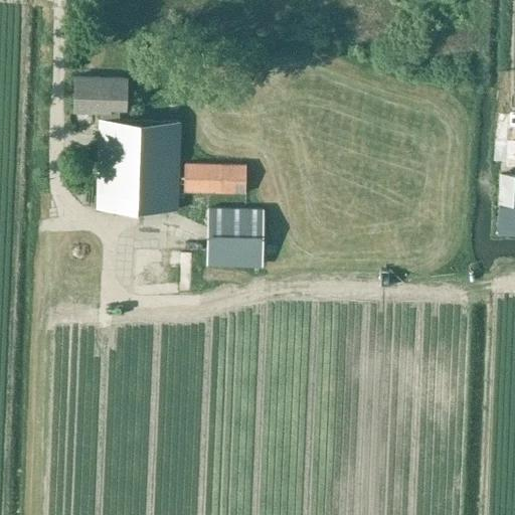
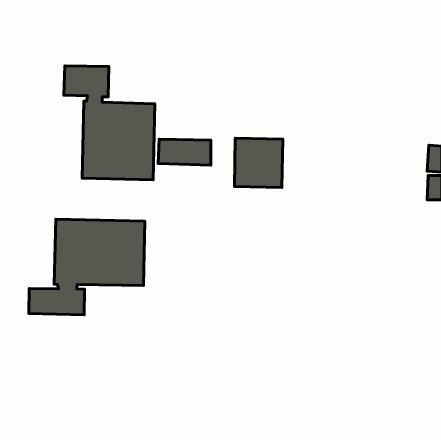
building: [208,208,265,266] -> [234,138,283,187]
building: none -> [29,219,145,315]

